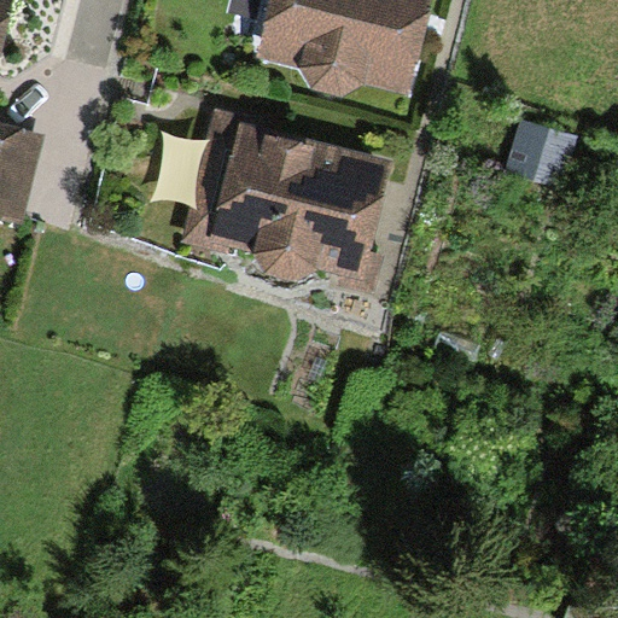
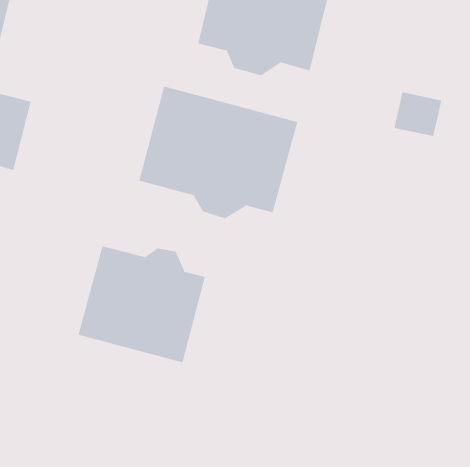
building: none -> [78,245,206,363]

